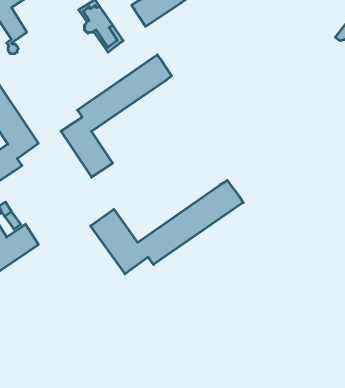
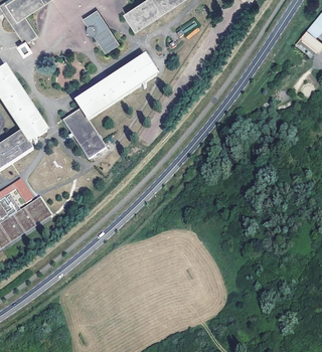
building: [91,180,243,274] -> none

